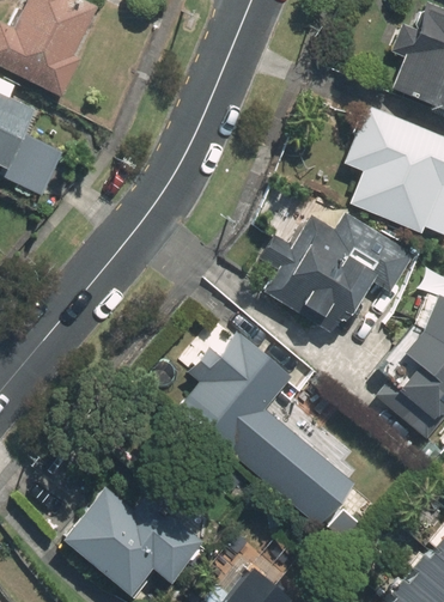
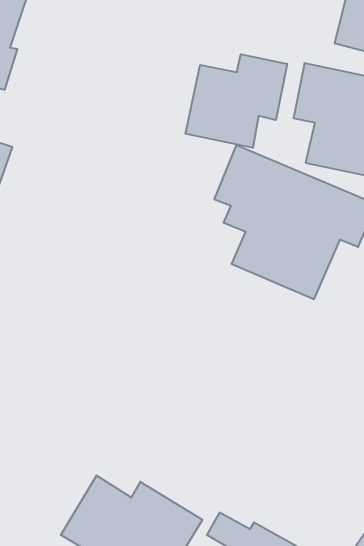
building: none -> [186,54,287,148]
building: [175,320,355,530] -> none

